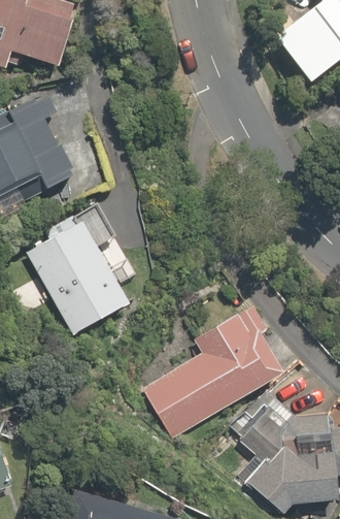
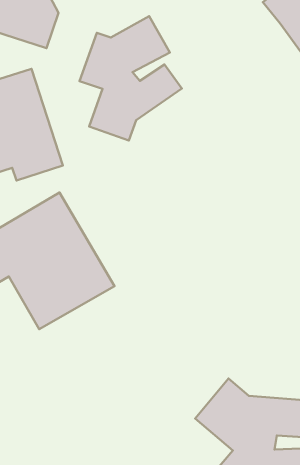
building: none -> [79,16,182,140]
building: [122,307,298,425] -> none

